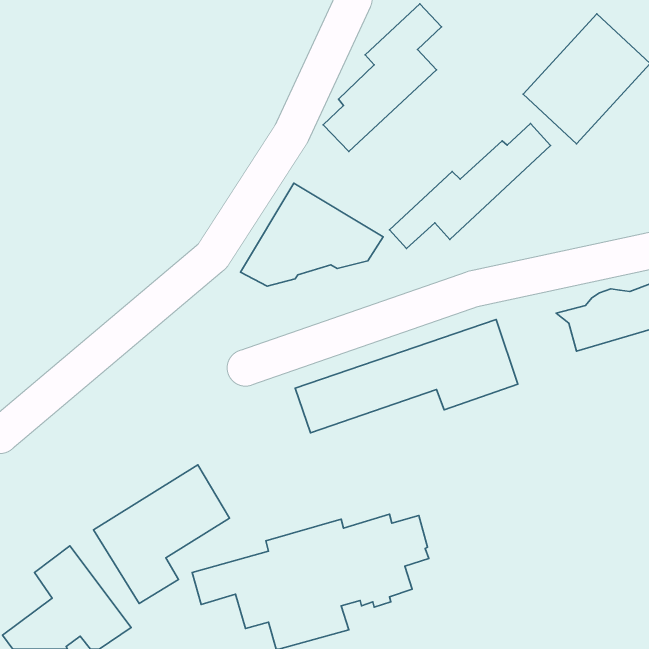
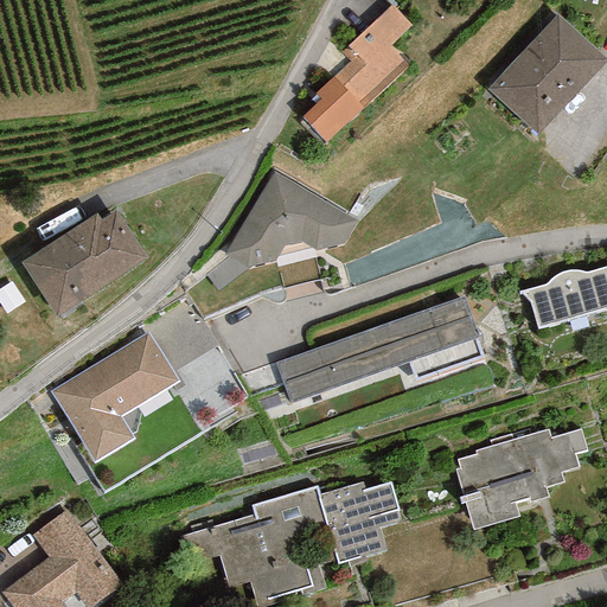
building: [389,123,551,249] -> none
building: none -> [21,209,149,317]
building: none -> [455,429,586,530]
building: [93,465,230,604] -> [52,331,179,460]

